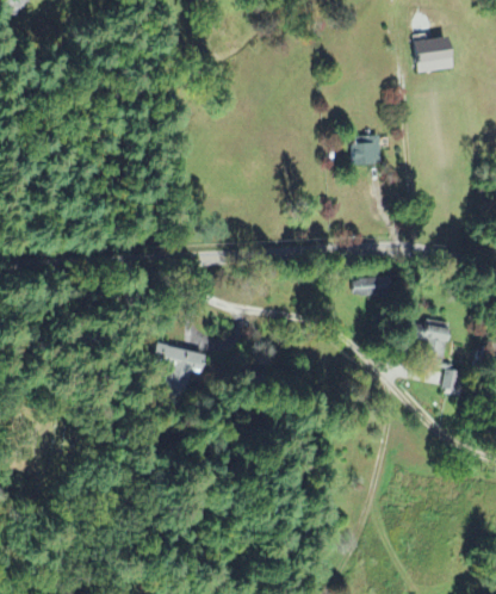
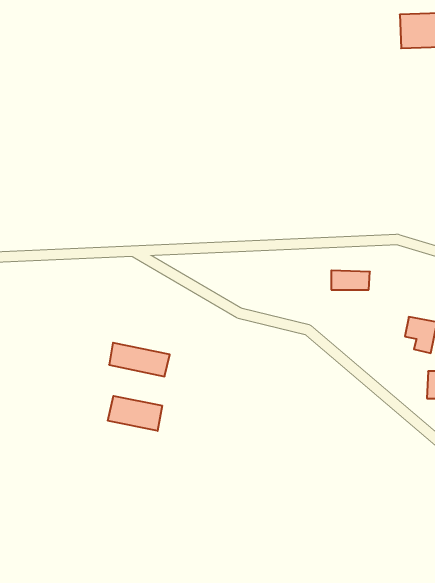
building: [352,134,379,162] -> none
building: none -> [108,396,162,431]

